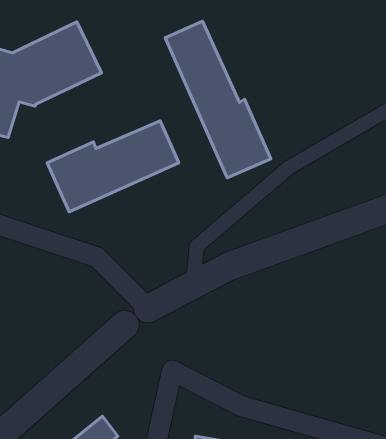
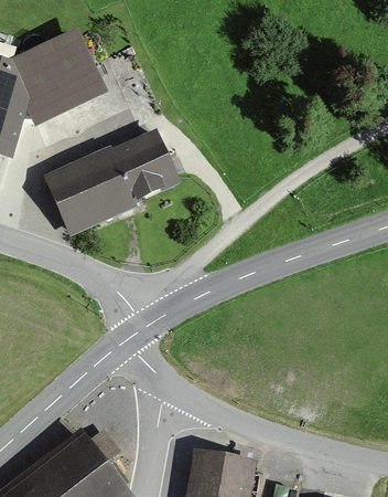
building: [165,21,271,178] -> none

